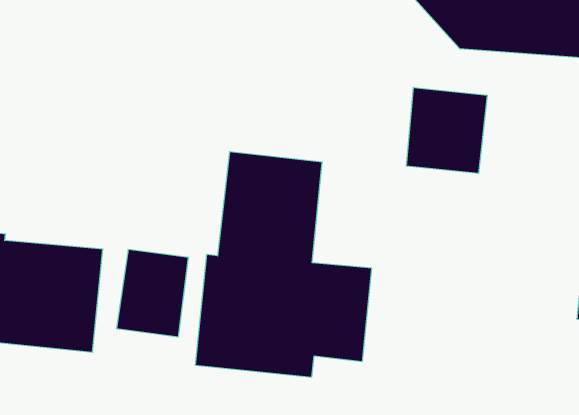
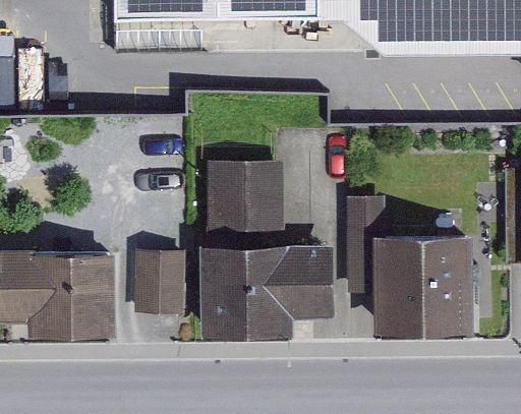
building: [406,87,487,174] -> none
building: none -> [348,198,474,334]

